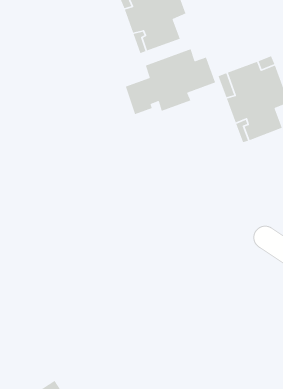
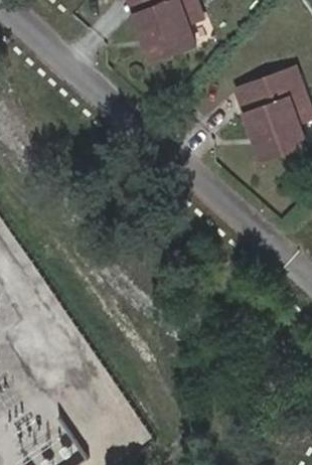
building: [125,48,216,115] -> none

